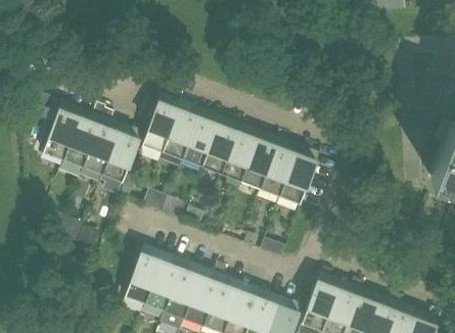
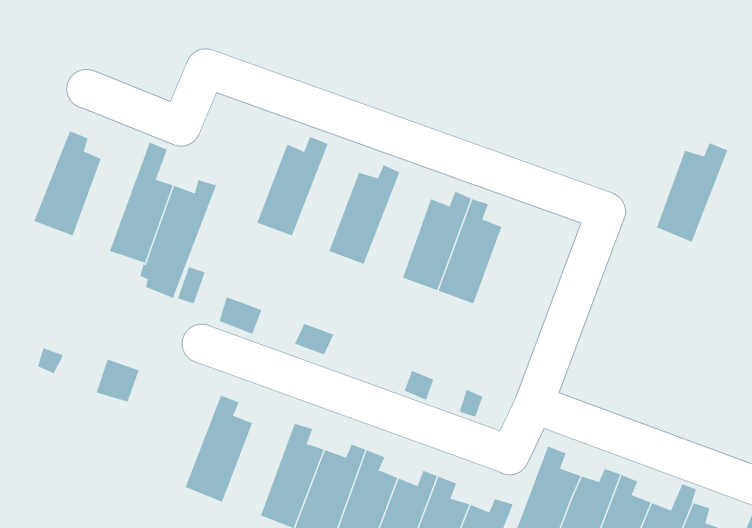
building: [142,94,180,152] -> none
building: [64,103,106,168] -> none
building: [183,109,219,168] -> none
building: [222,125,258,190] -> none
building: [281,150,320,204] -> [656,143,728,243]
building: [145,256,184,311] -> none

